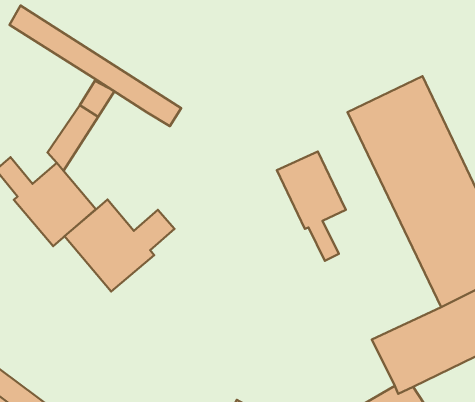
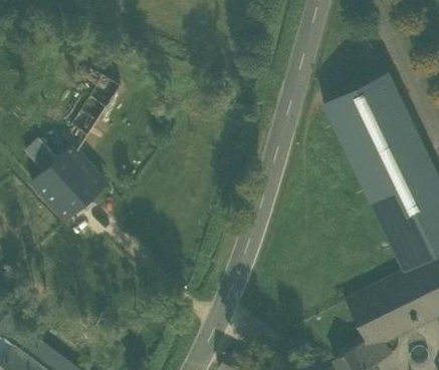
building: [9,6,181,126] -> none
building: [277,151,346,261] -> none
building: [65,200,174,292] -> none

